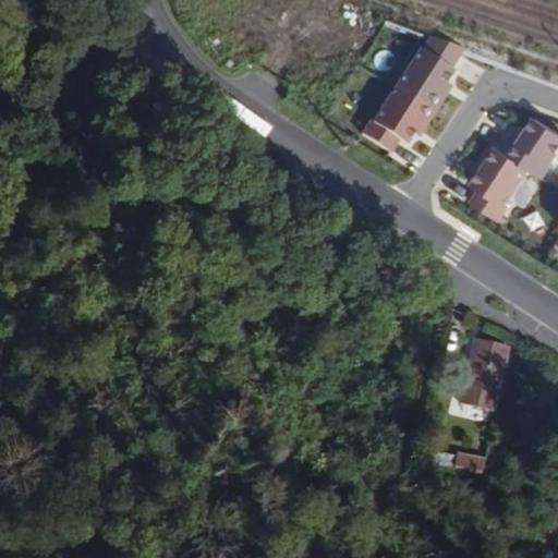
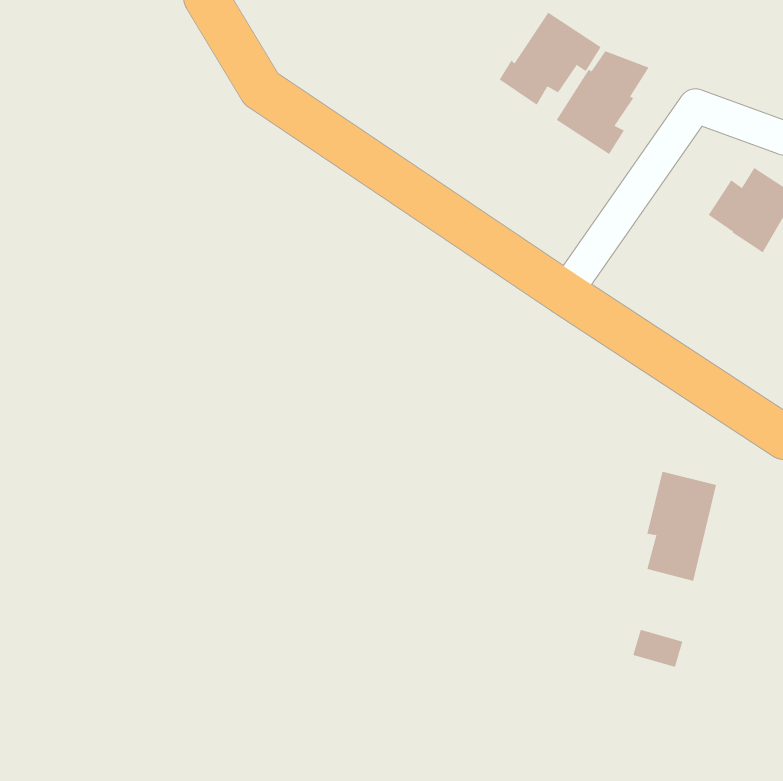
building: [361,85,434,151] -> [499,12,602,106]
building: [472,146,530,223] -> none

